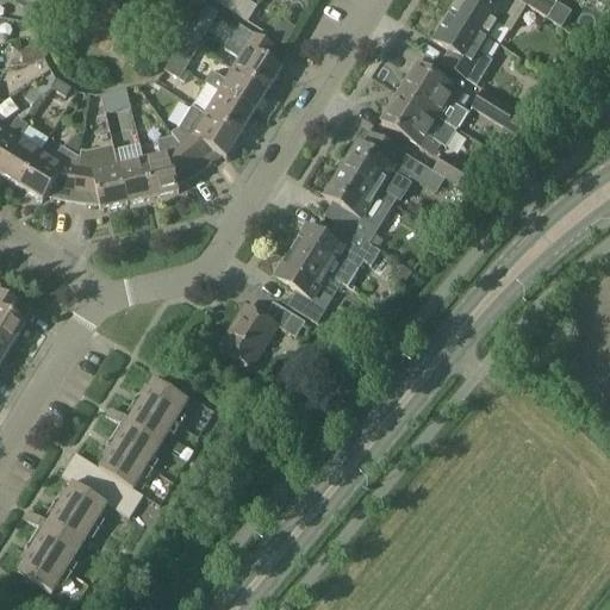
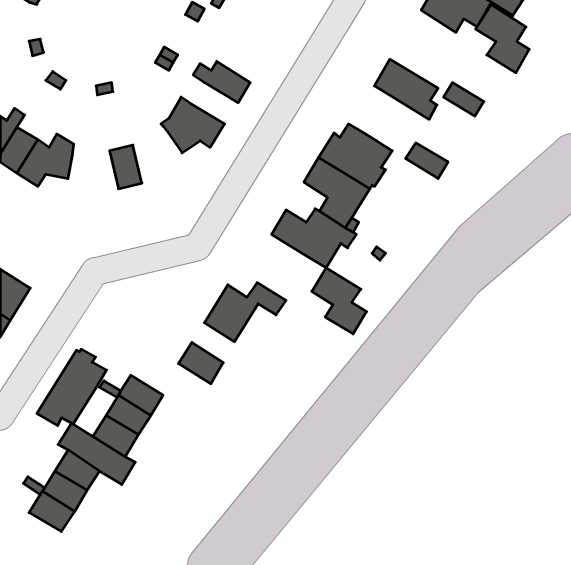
building: [432,11,490,83] -> [476,5,529,73]
building: [224,21,287,88] -> none
building: [204,88,254,132] -> none
building: [382,92,458,151] -> none
building: [142,135,194,195] -> none
building: [73,143,126,208] -> none
building: [274,250,332,320] -> [312,268,367,334]
building: none -> [37,349,107,426]
building: [139,378,187,422] -> [178,342,223,384]
building: [17,547,66,591] -> none

